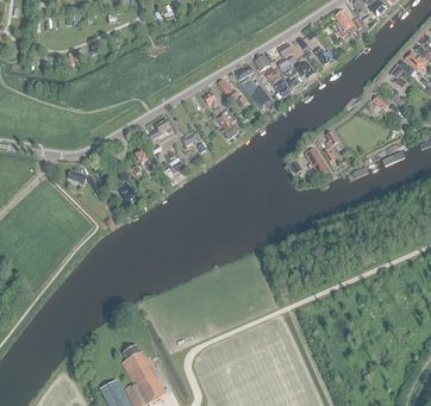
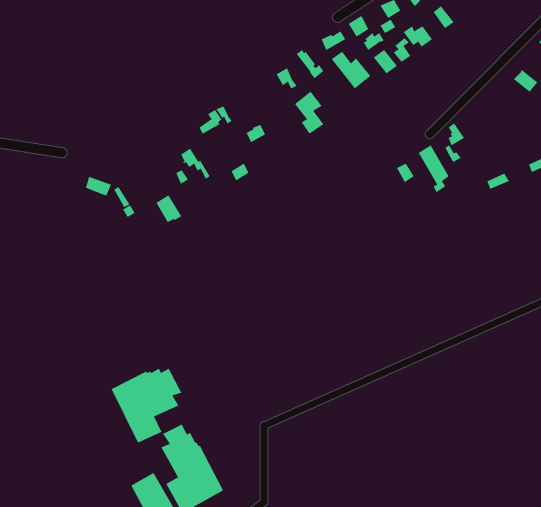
building: none -> [111,368,182,443]

